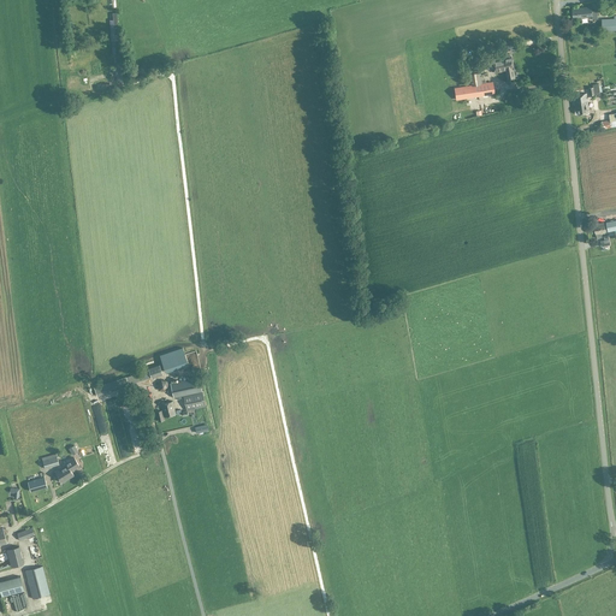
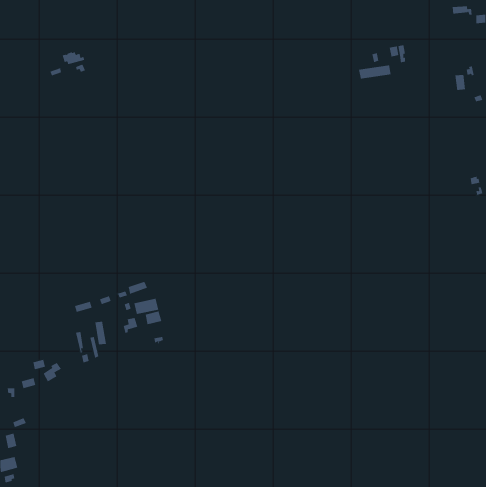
building: [24,565,48,598] -> none

